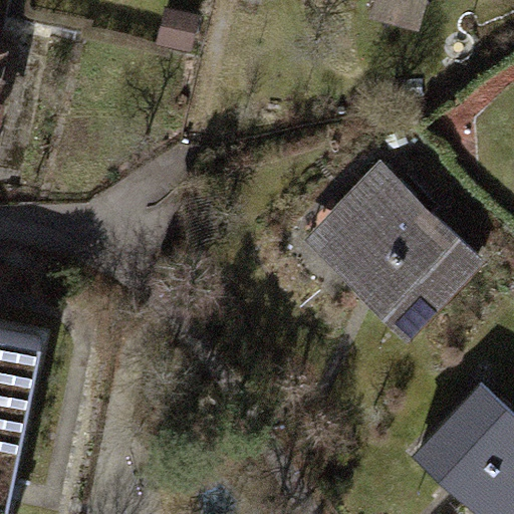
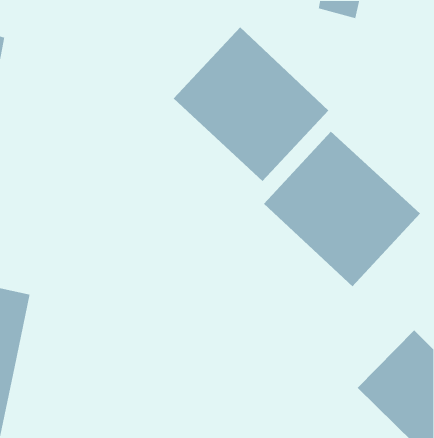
building: none -> [173,26,329,182]

